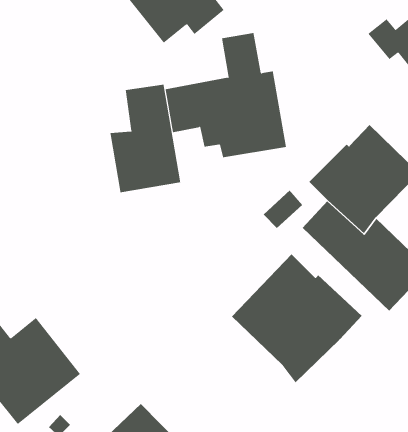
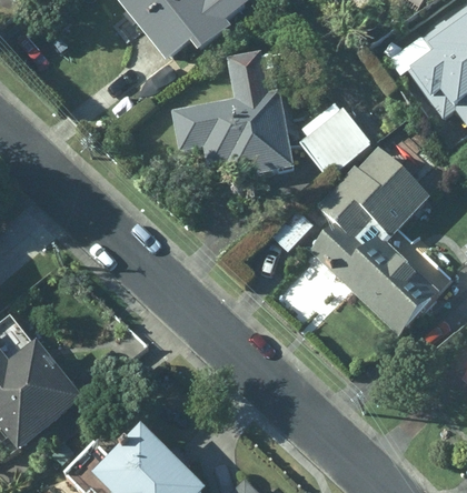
building: [110,84,181,193] -> none
building: none -> [298,104,370,175]
building: [231,254,362,383] -> none

